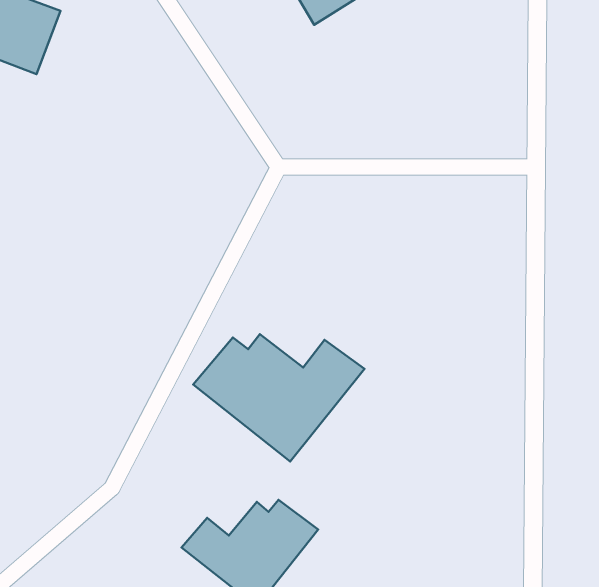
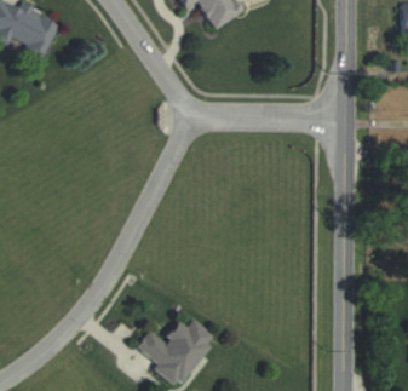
building: [193,334,364,461] -> none

